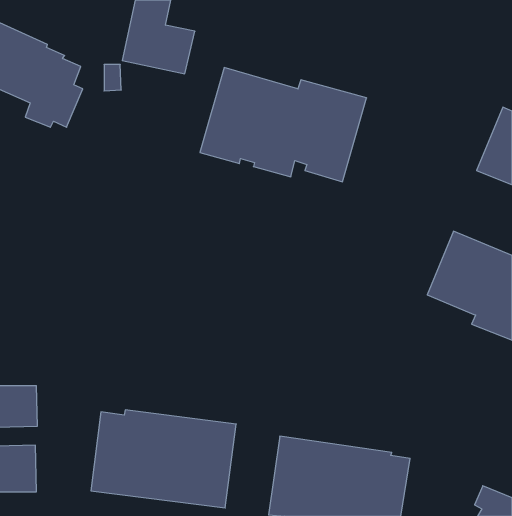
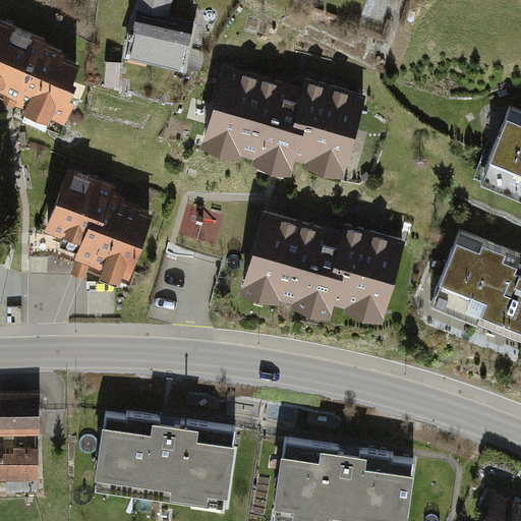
building: none -> [38,165,154,288]
building: none -> [239,214,406,326]

